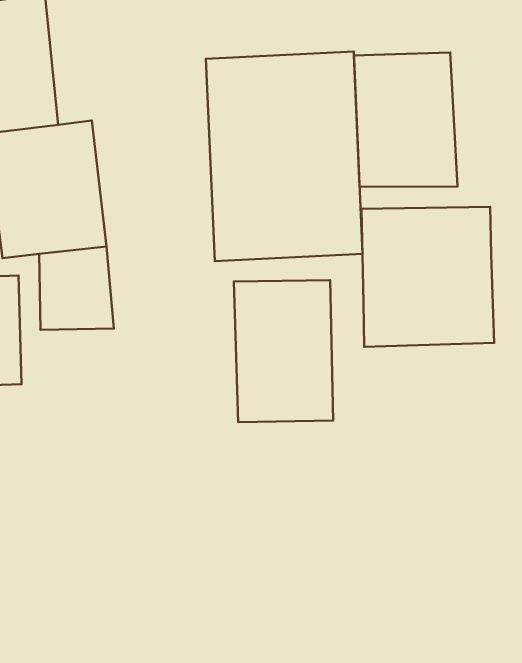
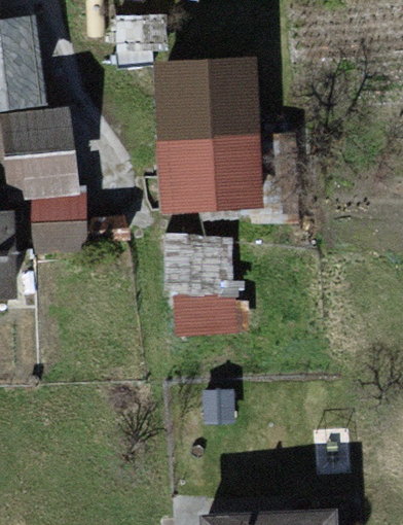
building: [354,52,458,187] -> none
building: [361,207,494,347] -> none

